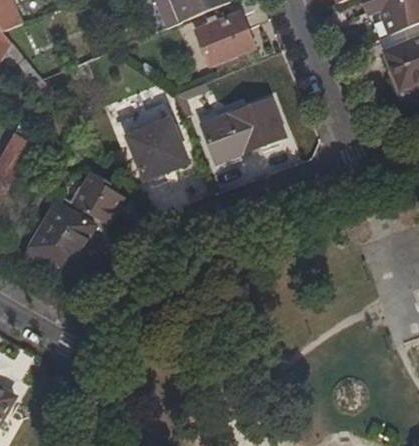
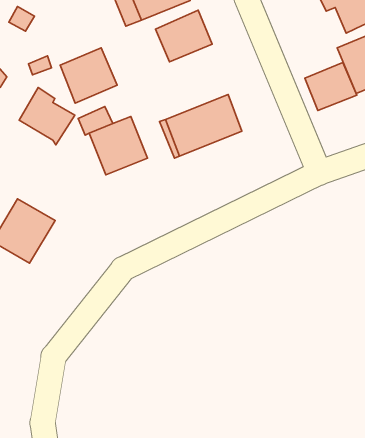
building: none -> [60,48,117,103]
building: none -> [305,62,357,110]
building: [74,167,130,225] -> [19,87,75,145]

